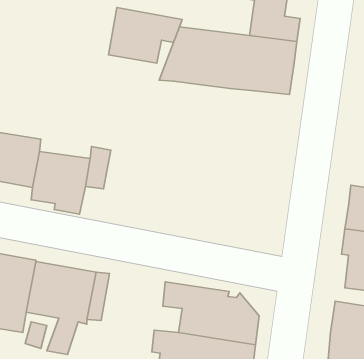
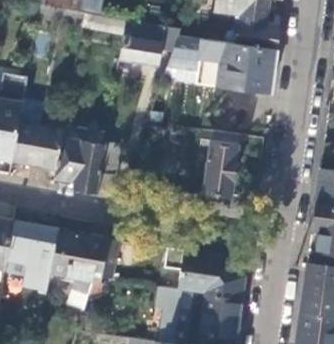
building: none -> [199,130,239,196]

